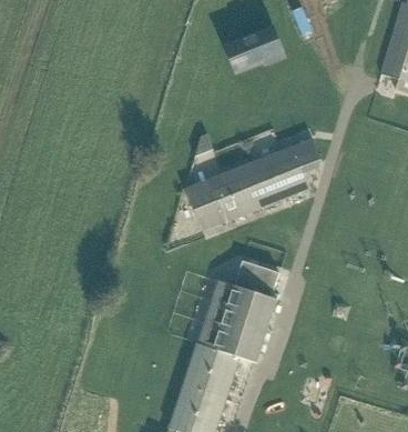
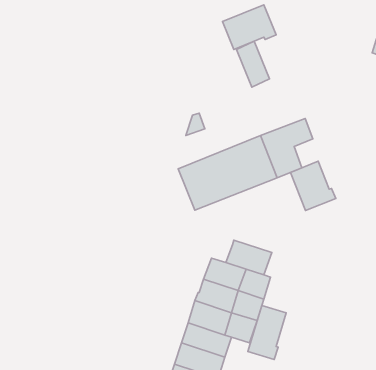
building: none -> [237,41,269,87]
building: none -> [290,161,336,211]
building: none -> [248,306,286,360]

